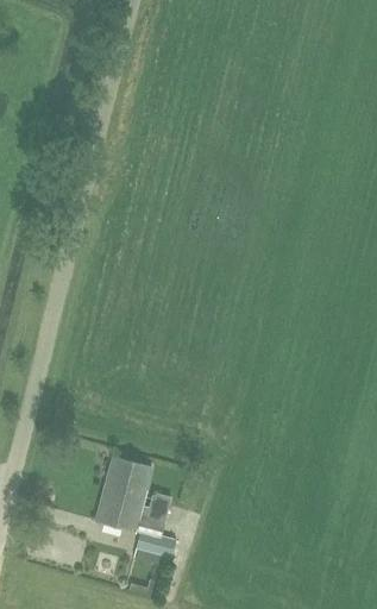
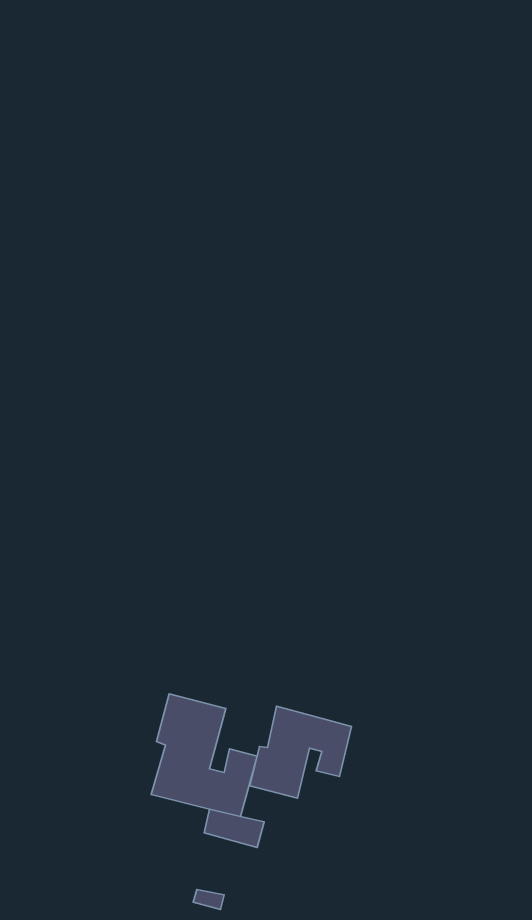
building: none -> [250,706,352,798]

